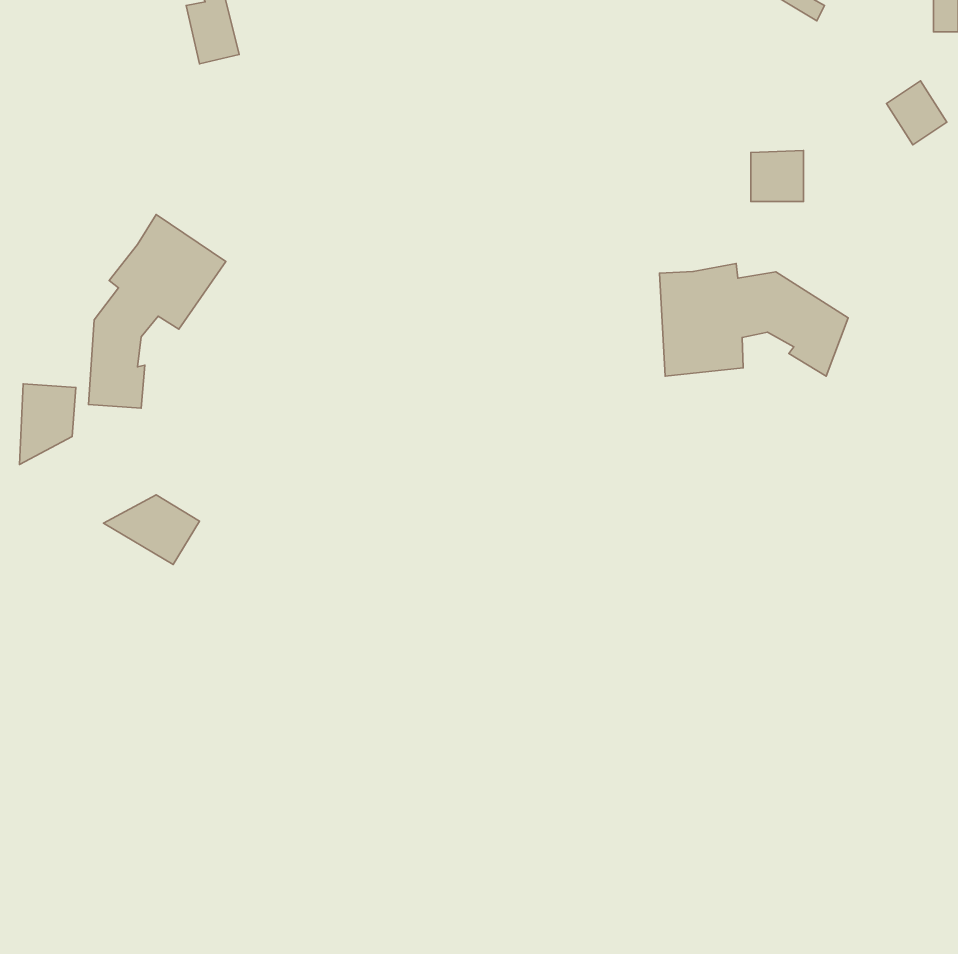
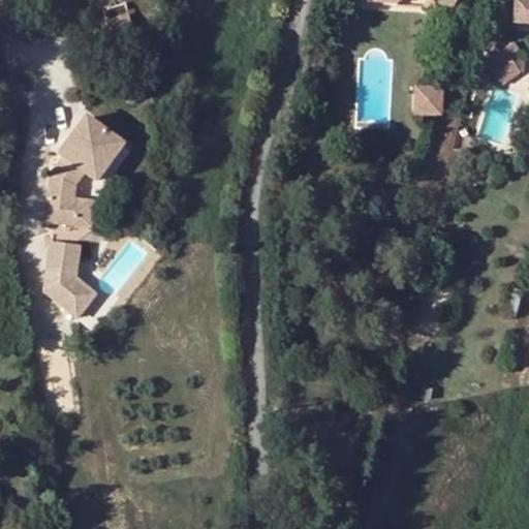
building: [659,263,848,376] -> none
building: [19,384,76,465] -> [57,243,88,287]

